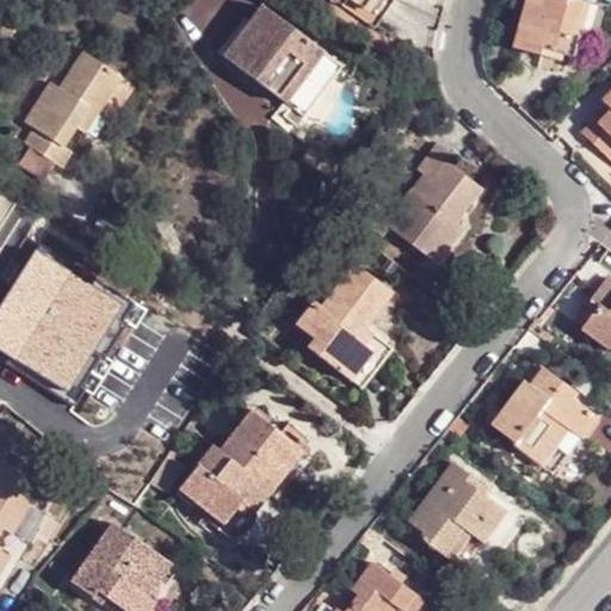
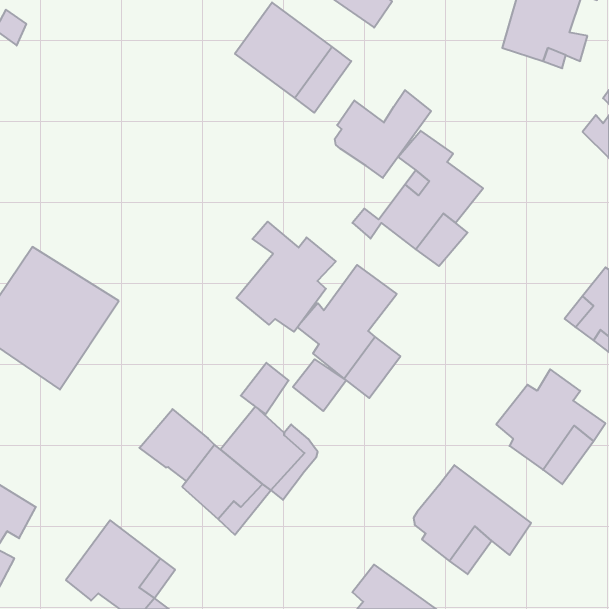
building: [20,50,122,173] -> none
building: none -> [335,90,431,178]
building: none -> [236,222,336,332]
building: none -> [293,359,346,411]
building: none -> [241,363,289,414]
building: none -> [139,409,214,481]

